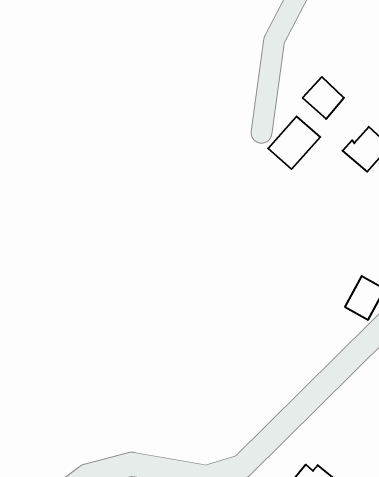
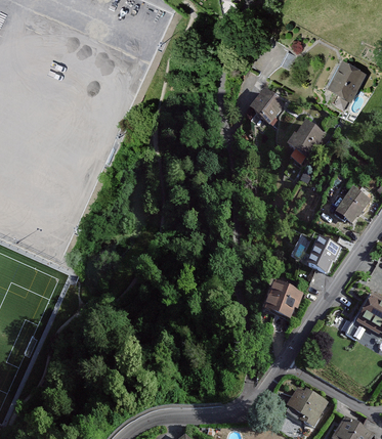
building: [268,116,320,169] -> none
building: none -> [264,283,300,318]

